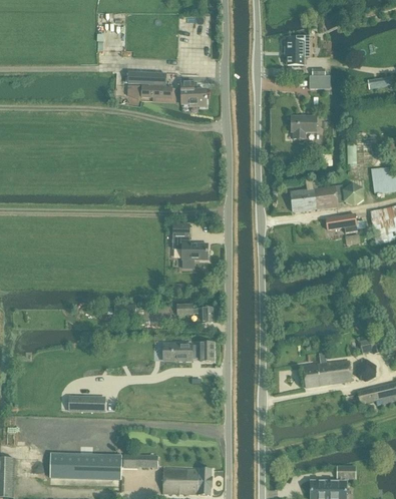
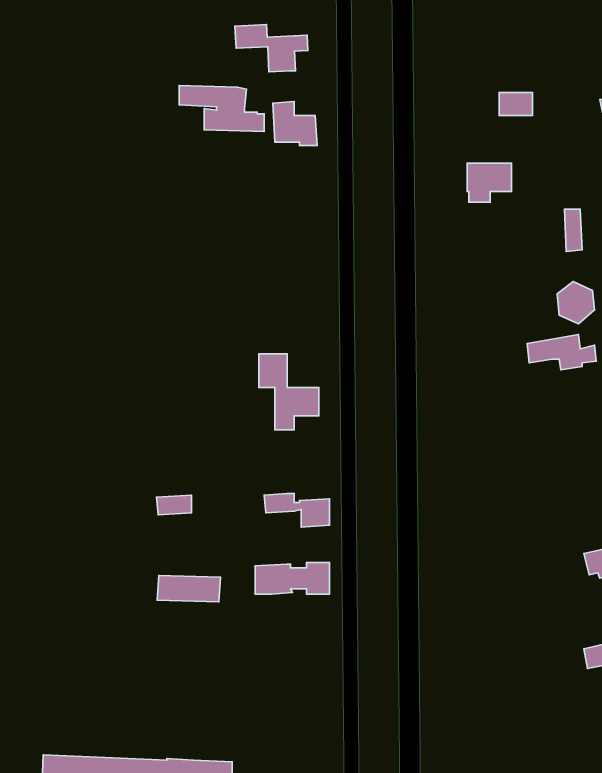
building: [285,35,311,64] -> none
building: none -> [235,25,308,72]
building: [290,178,337,211] -> none
building: [302,351,351,387] -> none
building: [68,396,104,411] -> [157,575,221,602]

